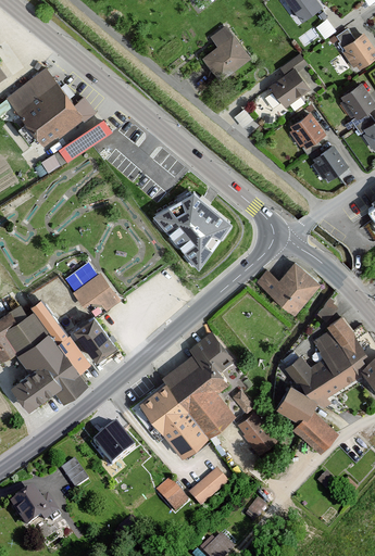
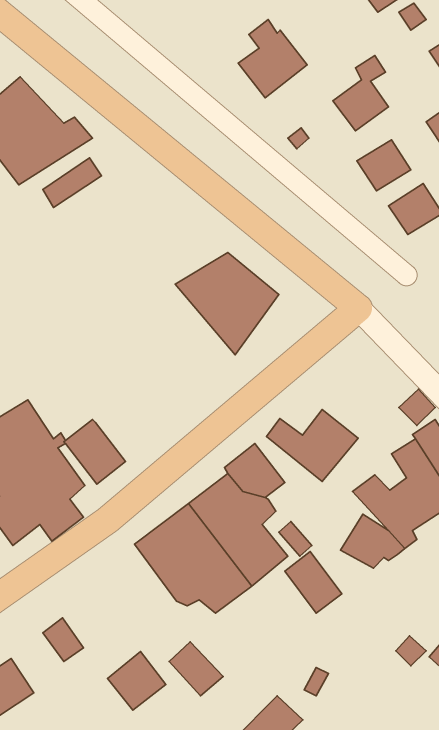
building: [254,263,321,315] -> [266,410,358,482]
building: [73,275,120,313] -> none
building: [293,414,339,454] -> none
building: [91,425,134,467] -> [107,651,166,710]
building: [190,465,232,504] -> none

